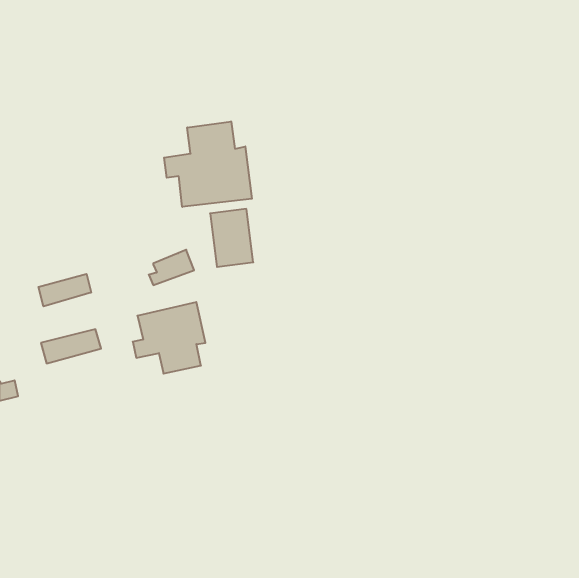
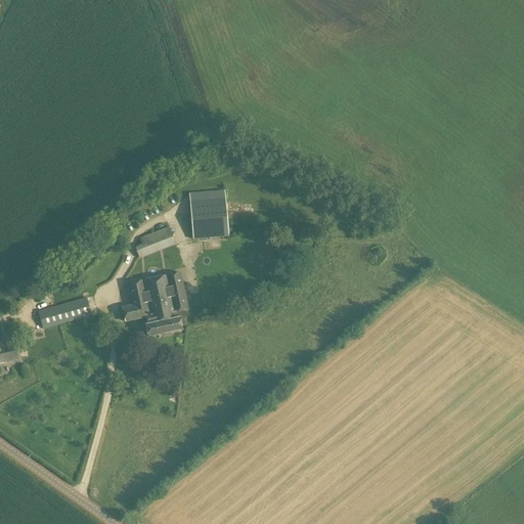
building: [164,121,252,207] -> none
building: [38,274,91,306] -> none

